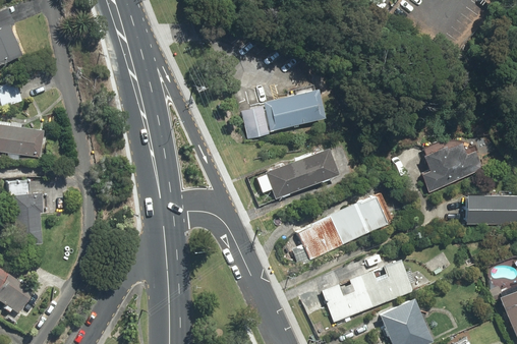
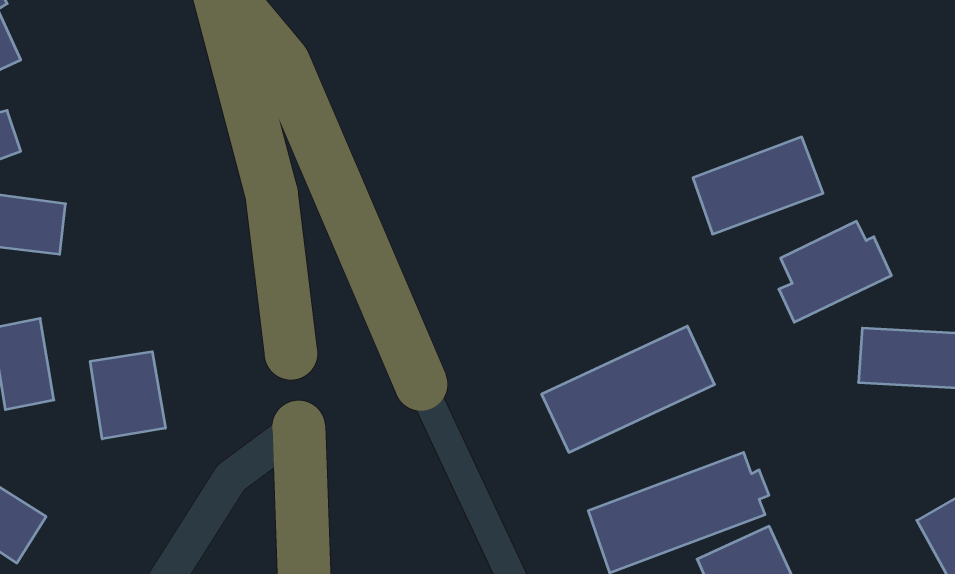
building: [241,88,324,140] -> none
building: [267,148,335,198] -> [693,137,823,234]
building: none -> [90,352,165,439]

